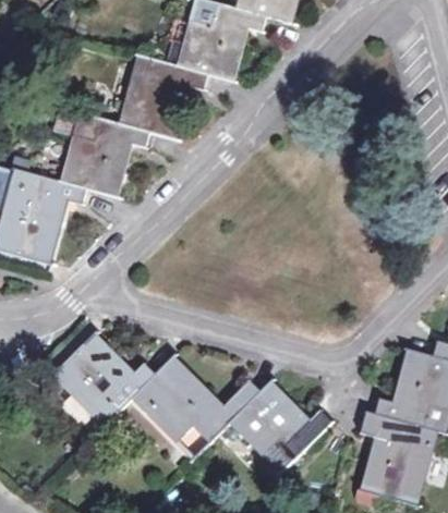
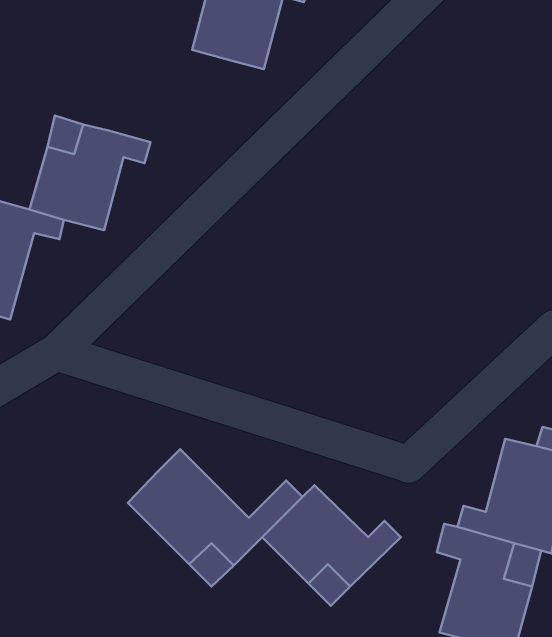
building: [119,53,208,138] -> none
building: [53,332,155,424] -> none

